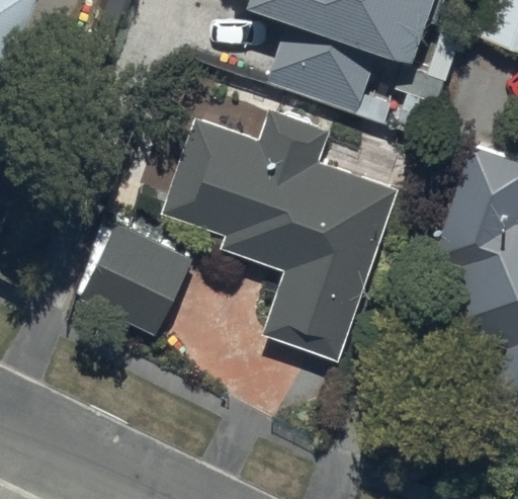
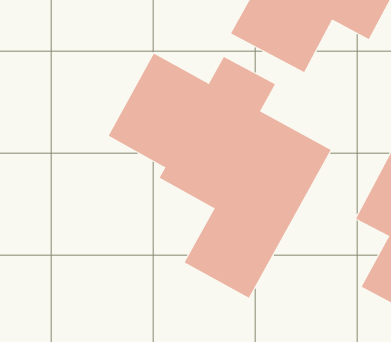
building: [81,223,190,337] -> none

